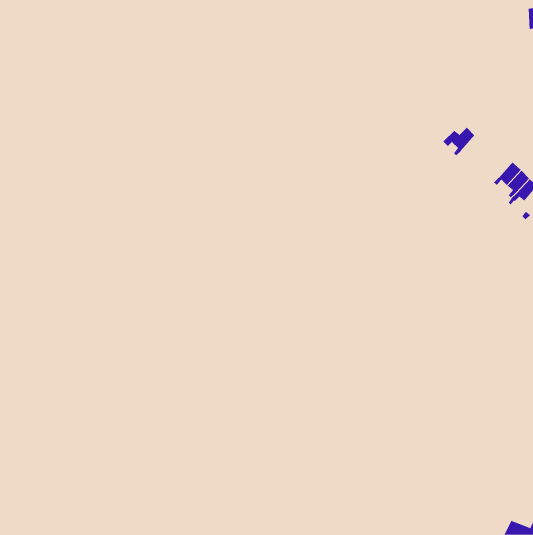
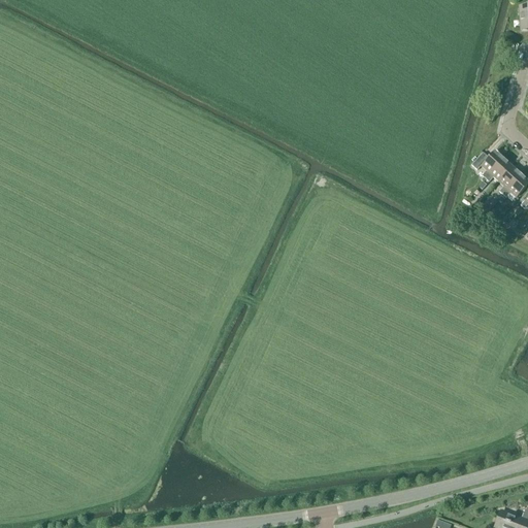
building: [443,127,475,156] -> [474,151,506,179]

